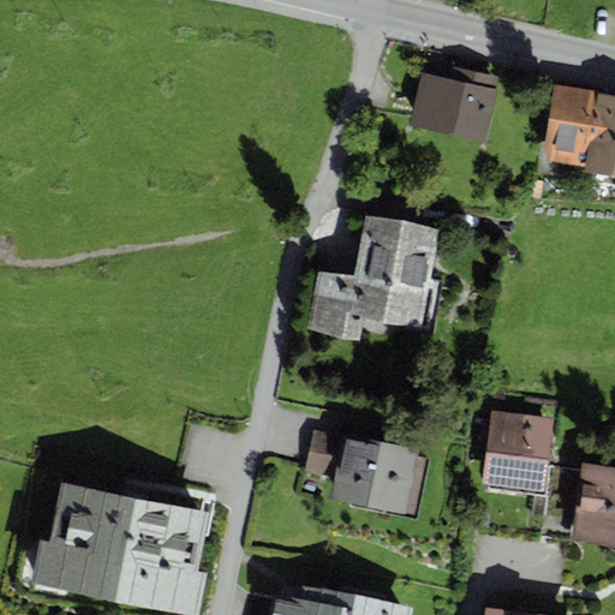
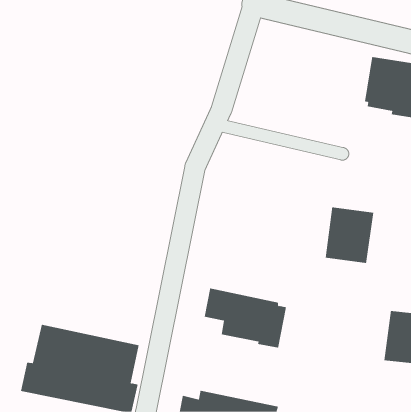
building: [410,67,501,143] -> none
building: [306,216,438,340] -> none
building: [482,410,555,494] -> [325,207,374,263]

